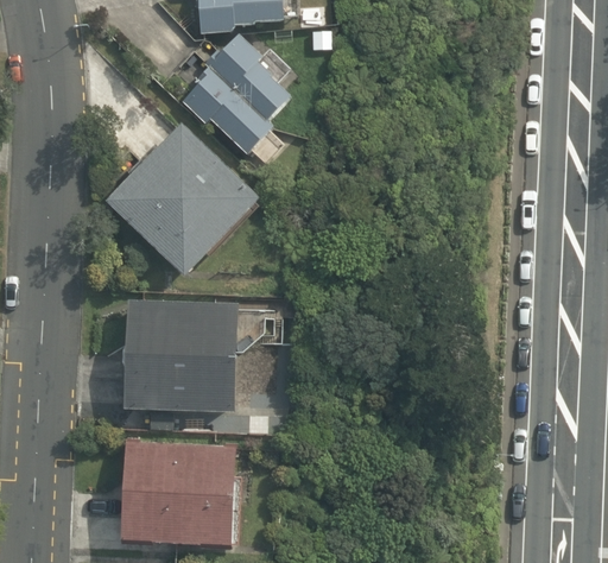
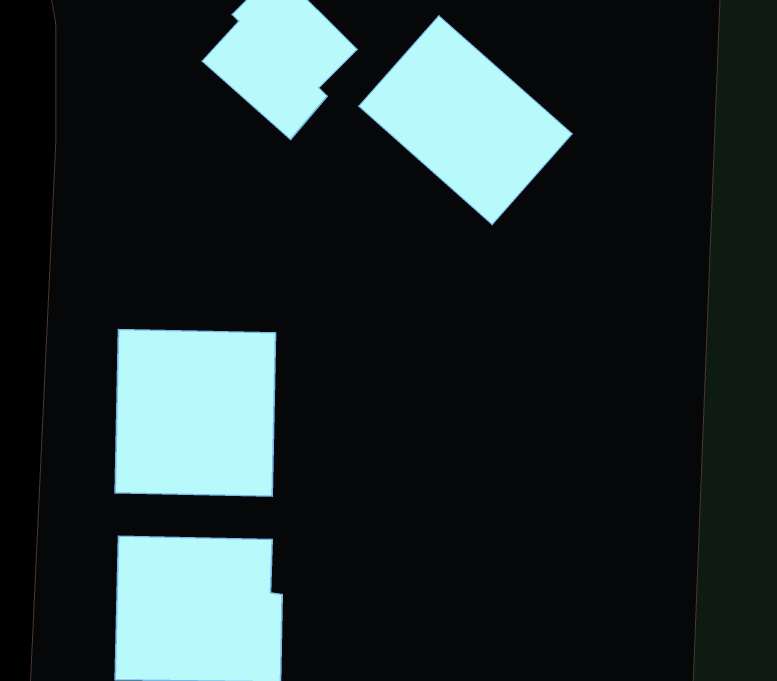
building: none -> [359,16,572,224]
building: [107,126,259,277] -> none

